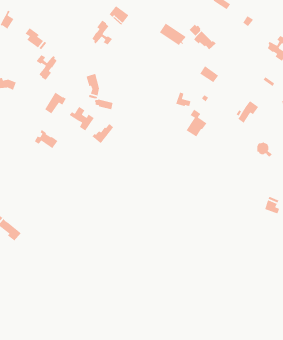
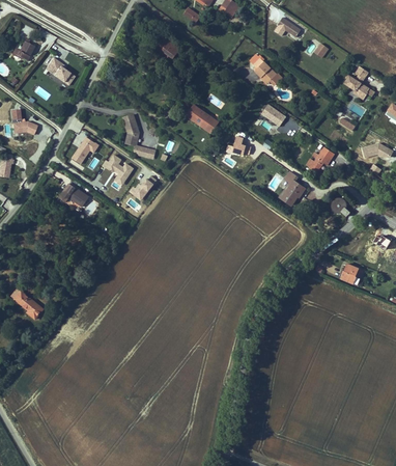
building: [91,20,113,46] -> none
building: [159,22,187,46] -> [185,104,219,133]
building: [35,54,58,81] -> none
building: [185,109,207,137] -> [278,171,305,207]

